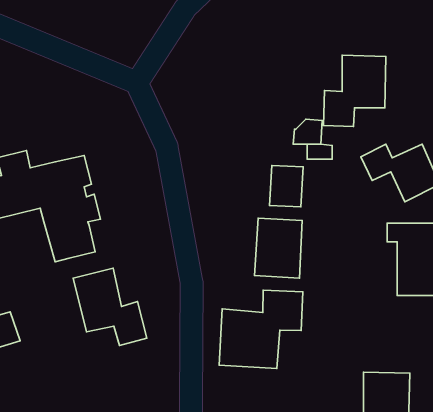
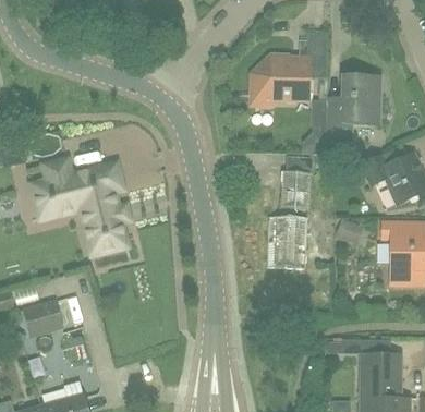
building: none -> [253,32,328,102]
building: [73,268,147,346] -> none
building: [219,290,303,369] -> none

